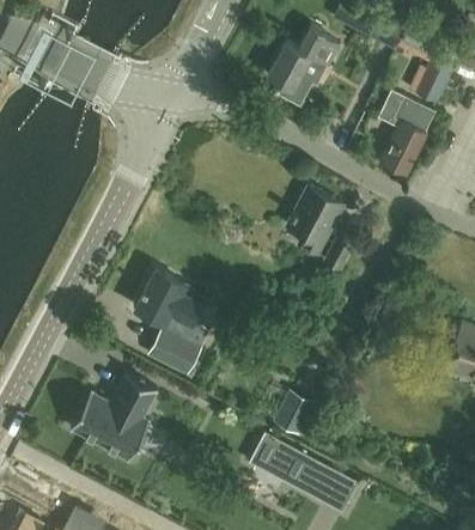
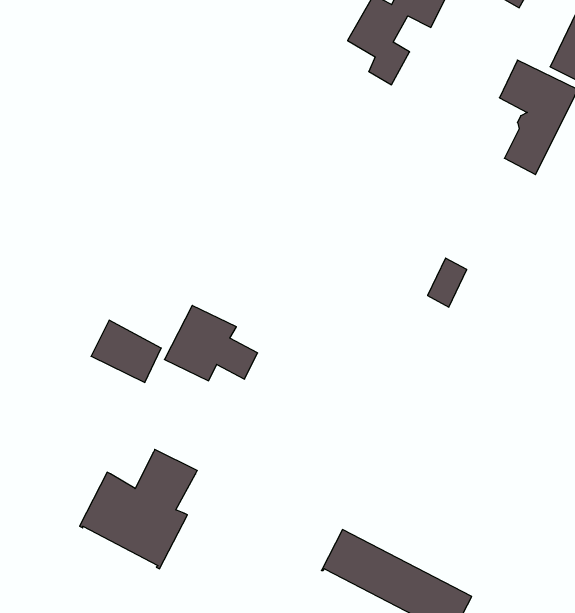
building: [287,187,343,255] -> none
building: [150,328,201,373] -> [91,320,161,382]
building: [275,392,313,435] -> none

